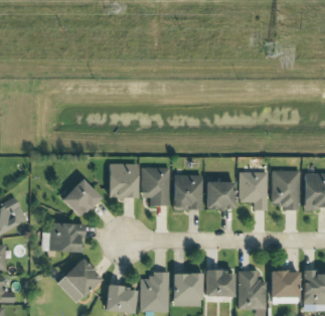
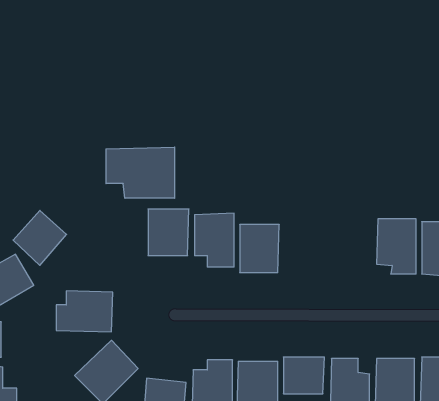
building: none -> [106,147,175,198]
building: [239,172,268,210] -> none
building: [61,178,100,217] -> [13,210,67,265]
building: [206,180,234,208] -> none

